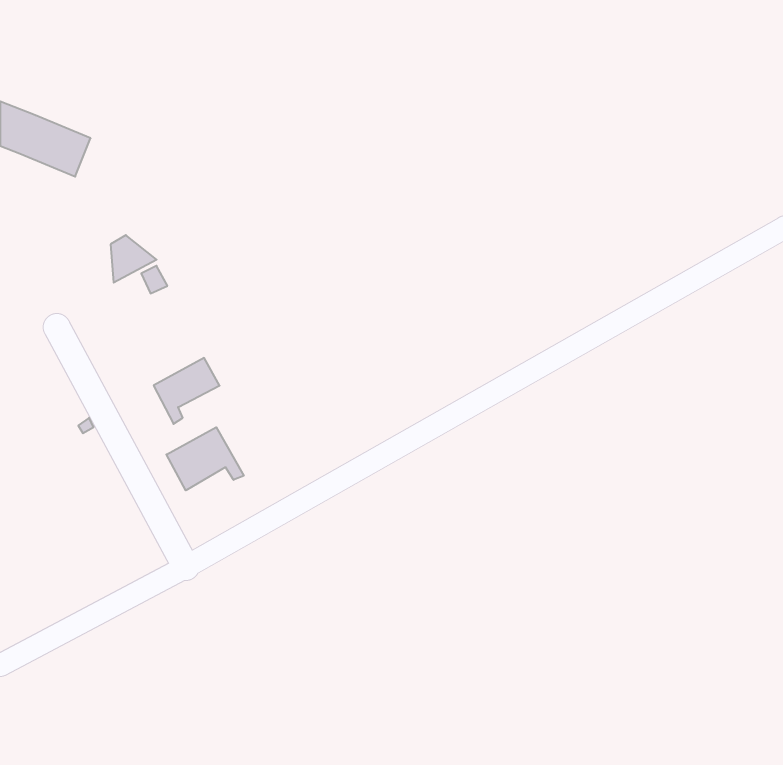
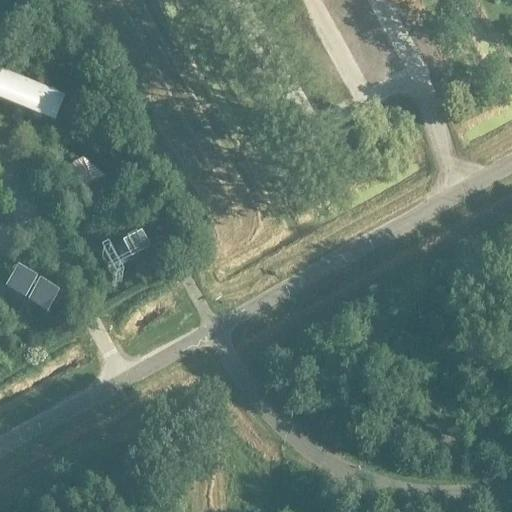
building: none -> [6,267,54,305]
building: [166,427,244,490] -> none

